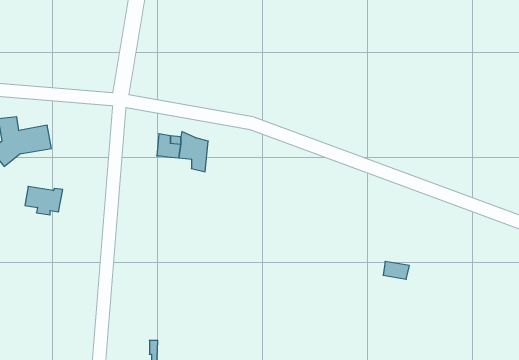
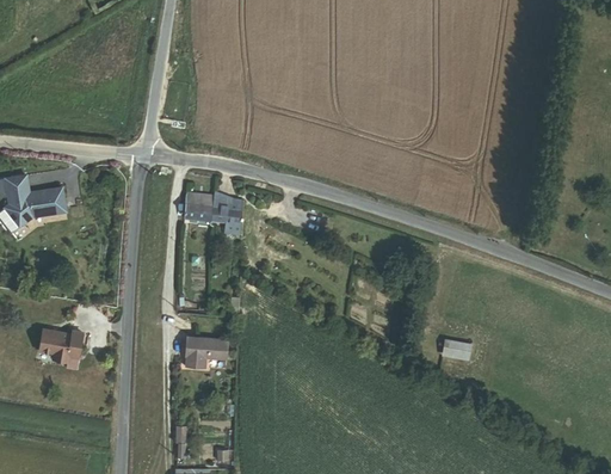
building: [25,186,63,215] -> [39,327,82,359]
building: none -> [185,337,228,369]

